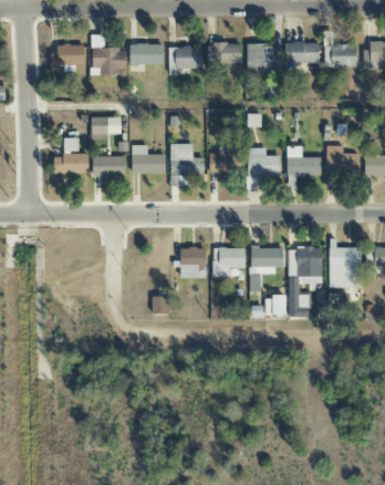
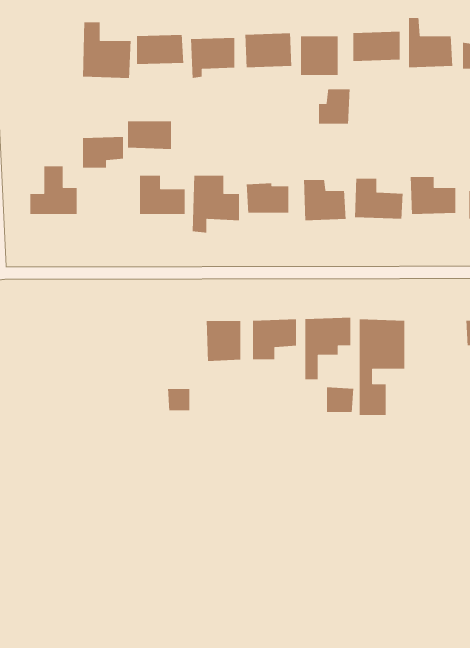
building: [50,44,84,71] -> none
building: none -> [318,89,350,124]
building: [92,156,124,177] -> [127,121,172,150]
building: [329,247,361,288] -> none

